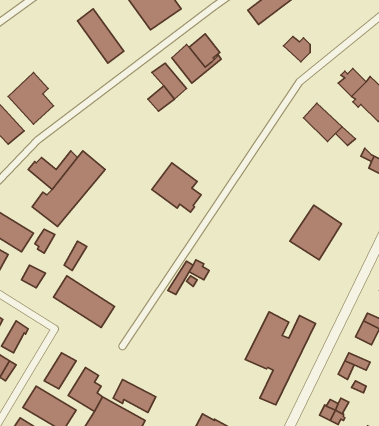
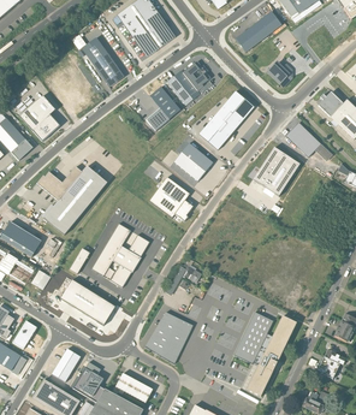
building: none -> [198,90,255,149]
building: none -> [173,142,213,180]
building: [290,205,342,260] -> [253,146,299,195]
building: none -> [91,223,150,286]
building: none -> [146,310,192,363]

